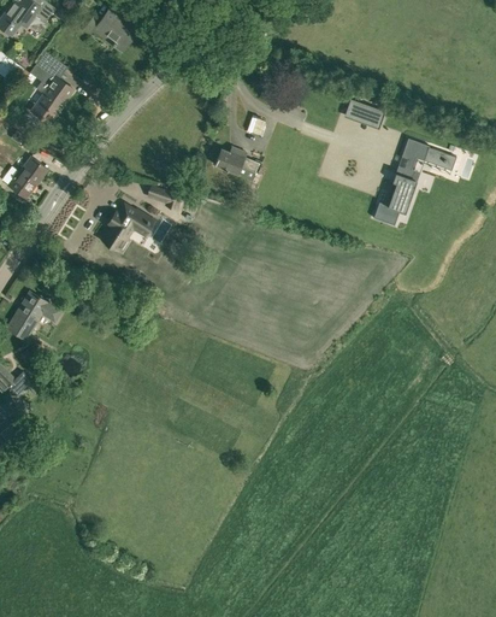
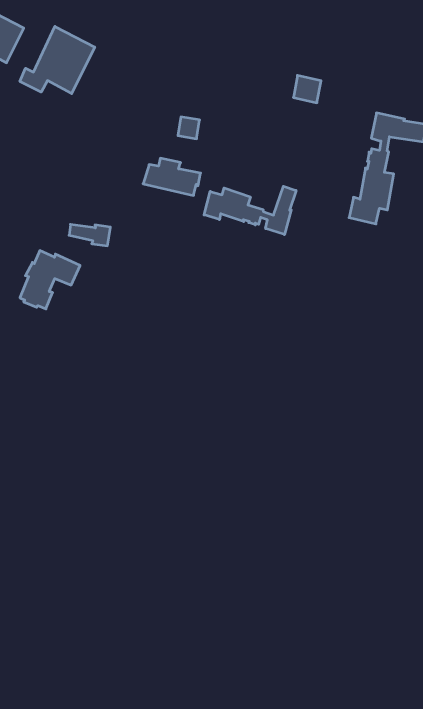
building: none -> [20,26,95,94]
building: none -> [204,186,296,235]

